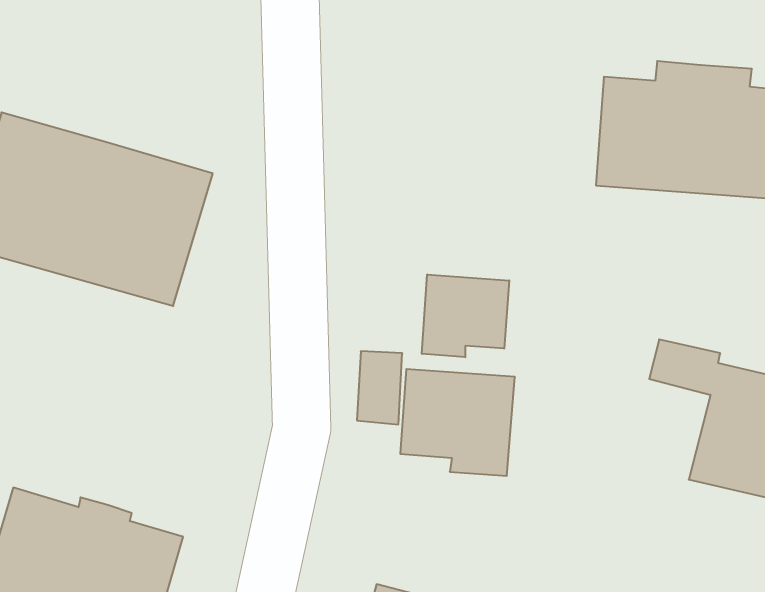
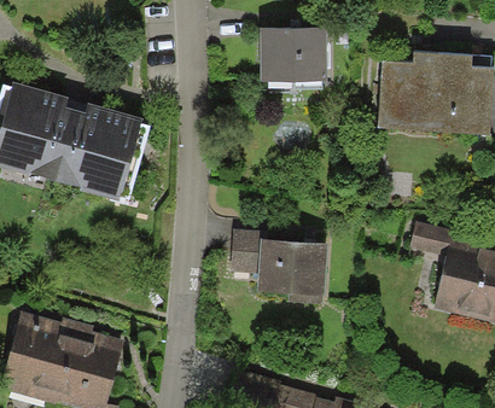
building: none -> [260,27,327,81]
building: [422,274,509,357] -> none

